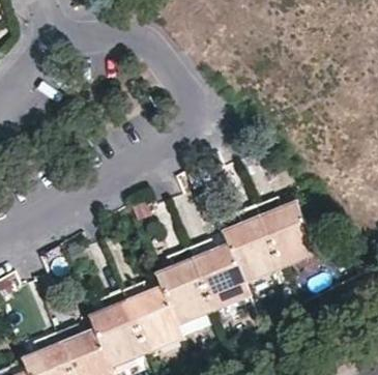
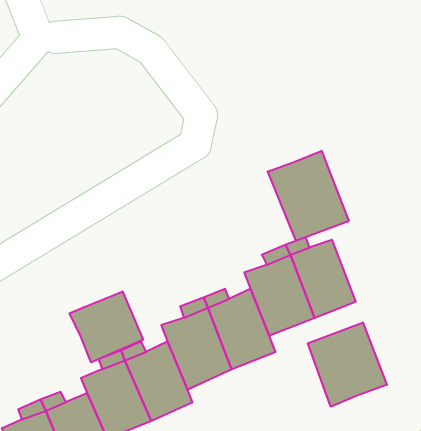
building: none -> [268,151,349,241]
building: none -> [70,291,143,362]
building: none -> [308,322,387,407]

